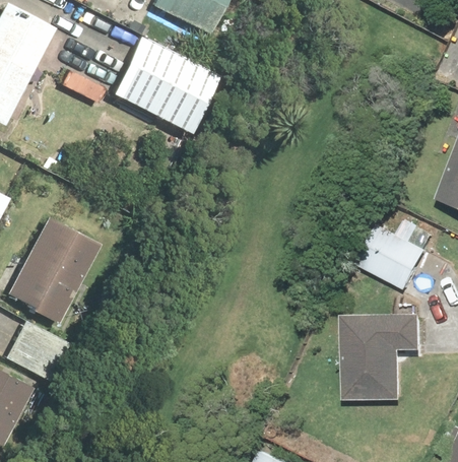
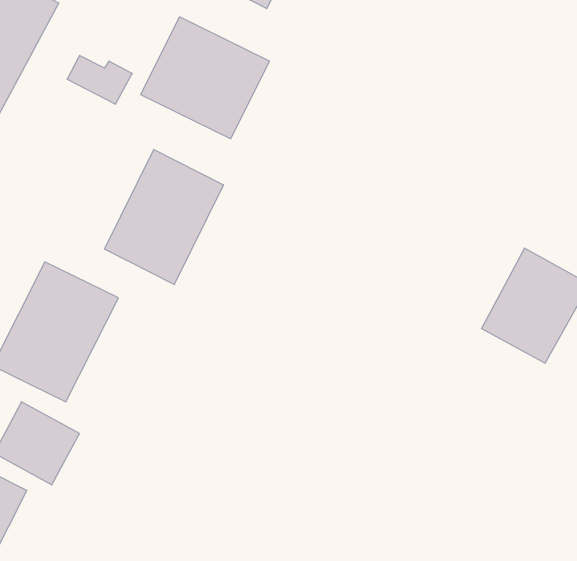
building: none -> [105,149,223,285]
building: [342,317,424,398] -> none

